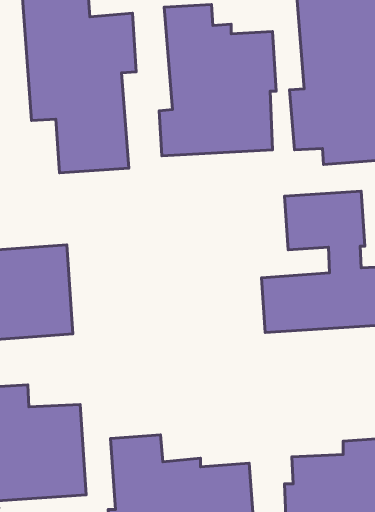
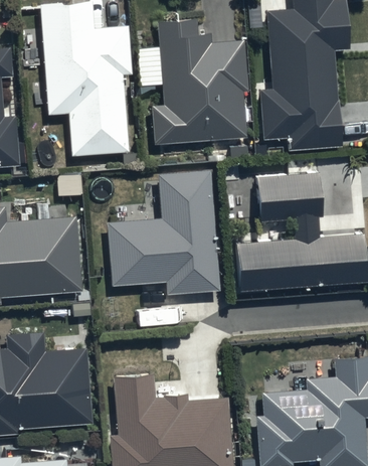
building: none -> [108,171,219,294]

